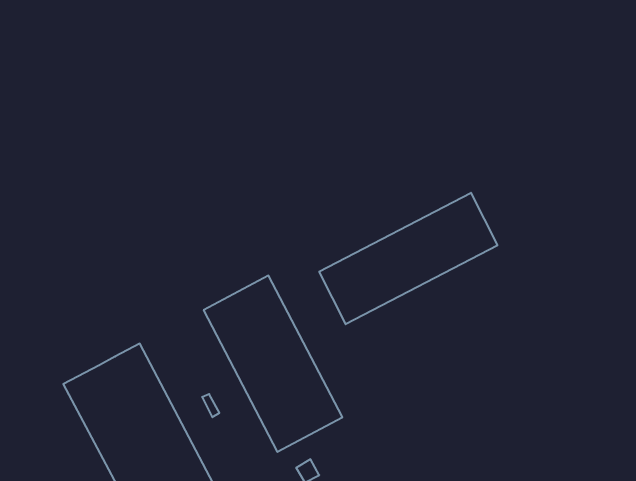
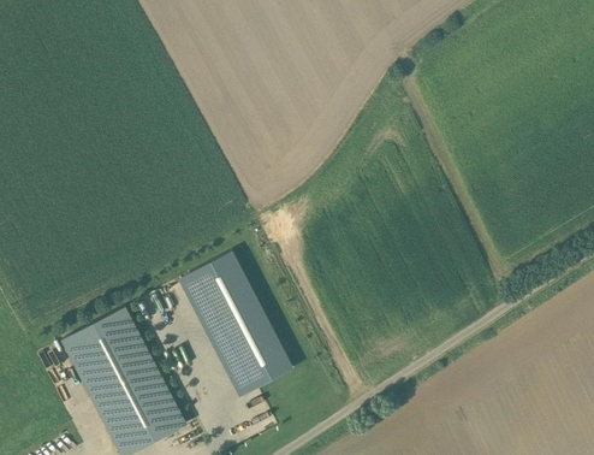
building: [319,193,497,324] -> none

